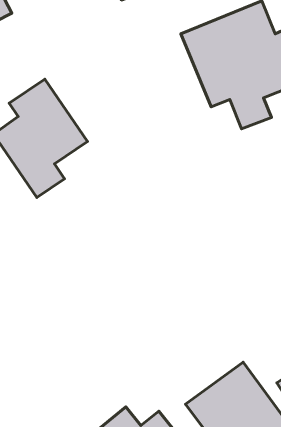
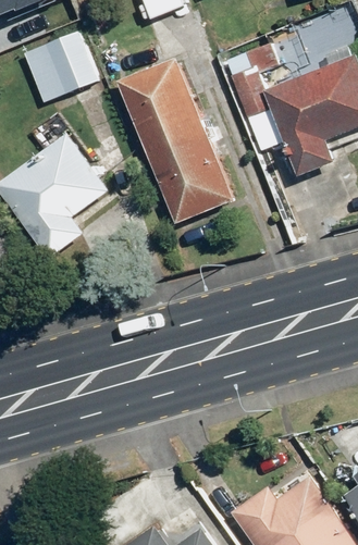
building: none -> [23,30,96,107]
building: none -> [118,58,234,224]

